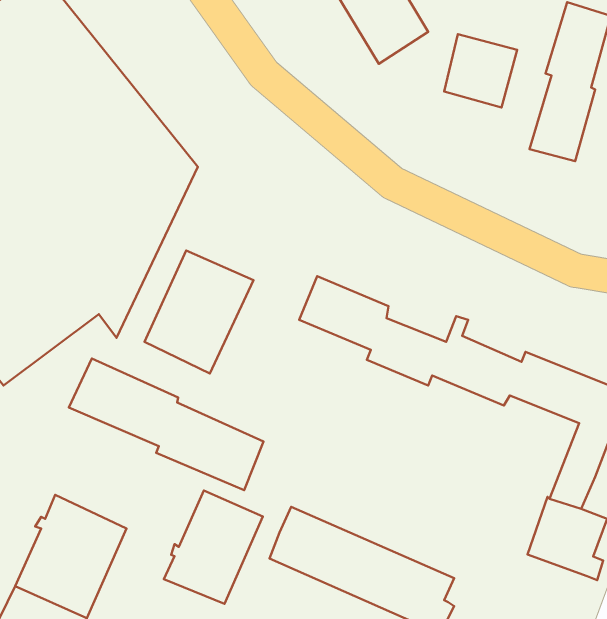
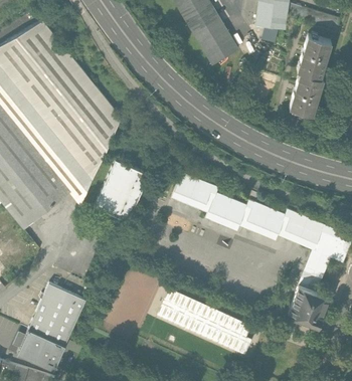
building: [444,34,517,108] -> none
building: [69,358,264,490] -> none
building: [164,490,263,604] -> none

